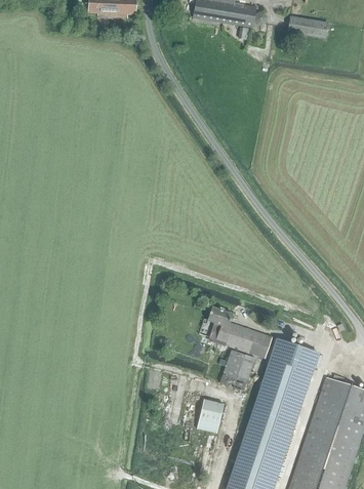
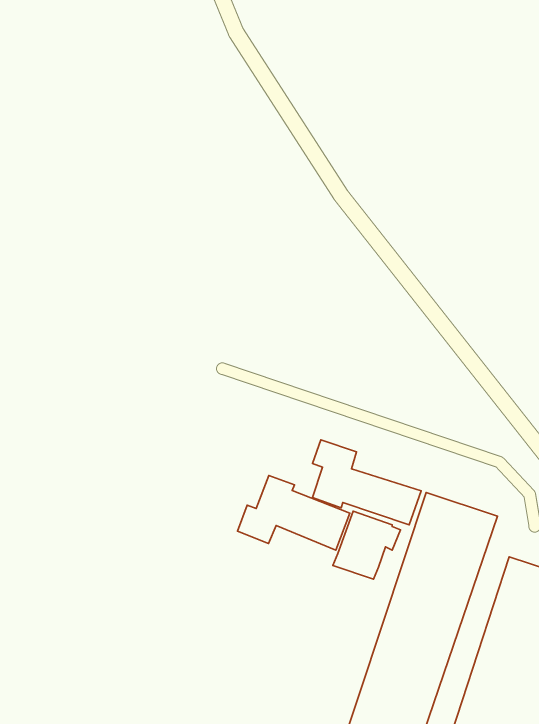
building: none -> [238,475,350,550]
building: [197,398,225,433] -> none

